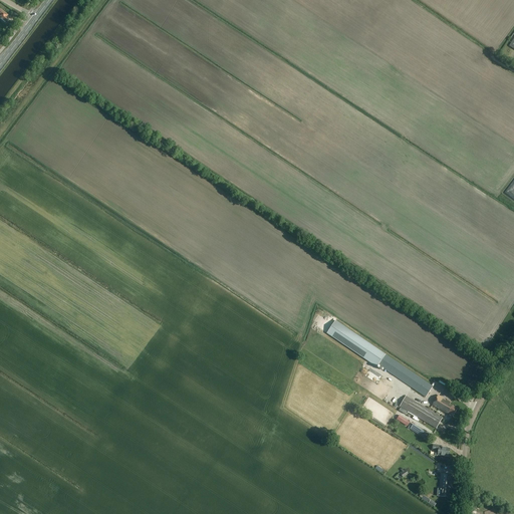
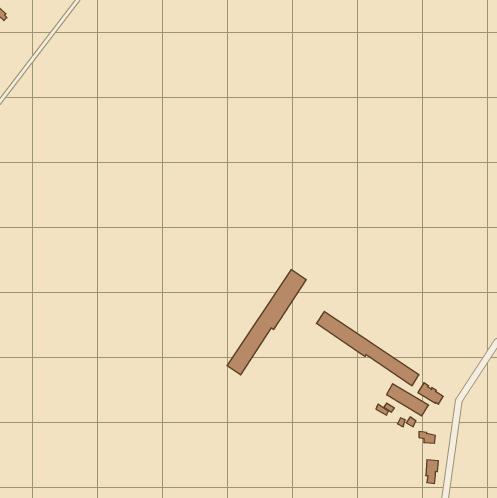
building: none -> [227,270,306,375]

